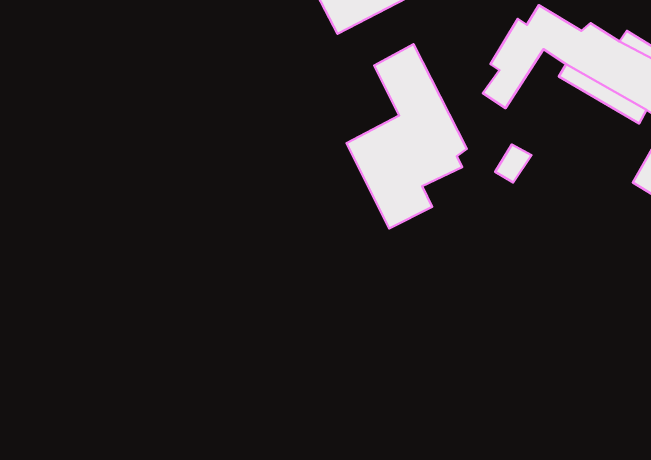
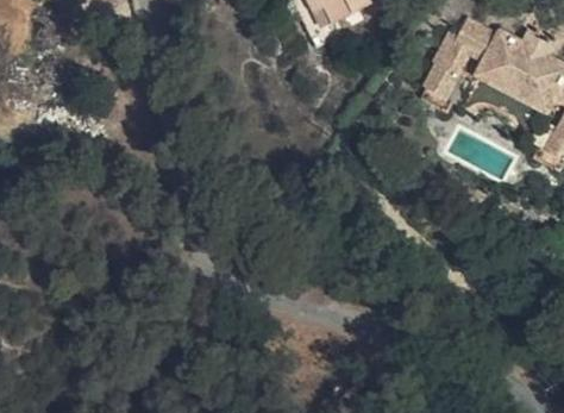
building: [347,44,467,228] -> none

